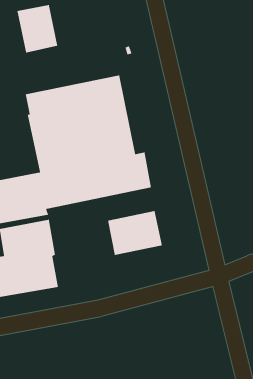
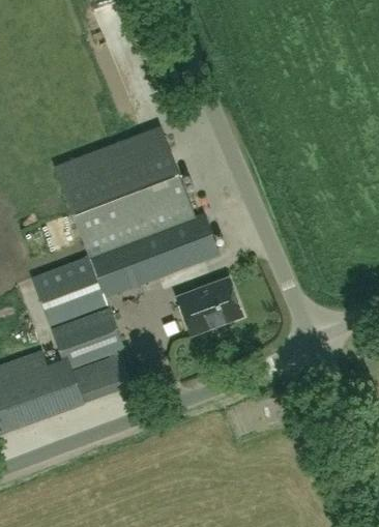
building: [17,4,58,53] -> none

